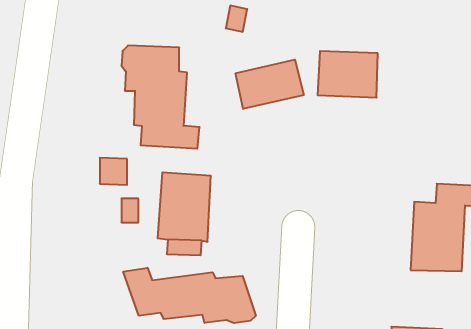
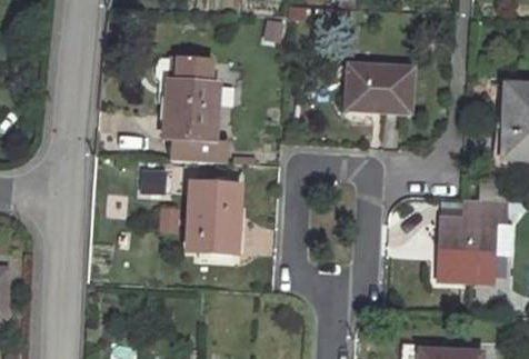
building: [236,60,304,109] -> none
building: [123,268,256,323] -> none

